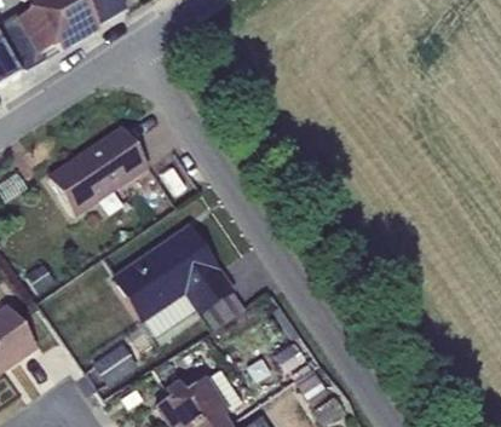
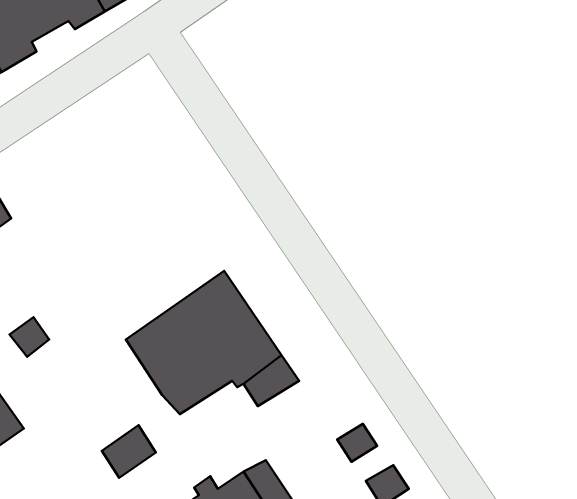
building: [46,127,149,218] -> none

